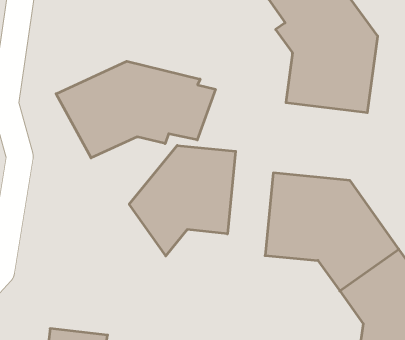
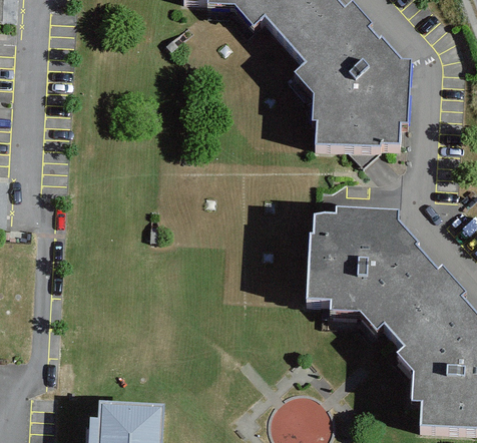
building: [56,61,215,158] -> none
building: [129,145,236,256] -> none

